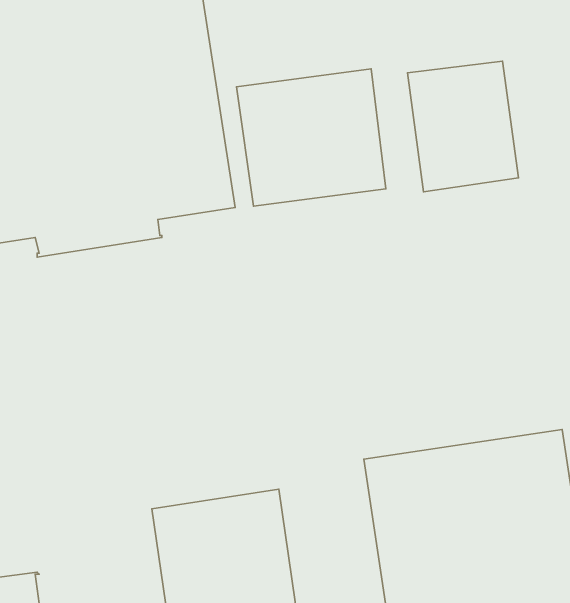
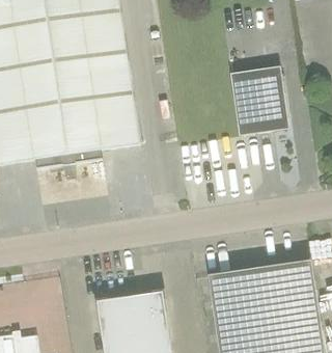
building: [237,69,386,206] -> none

